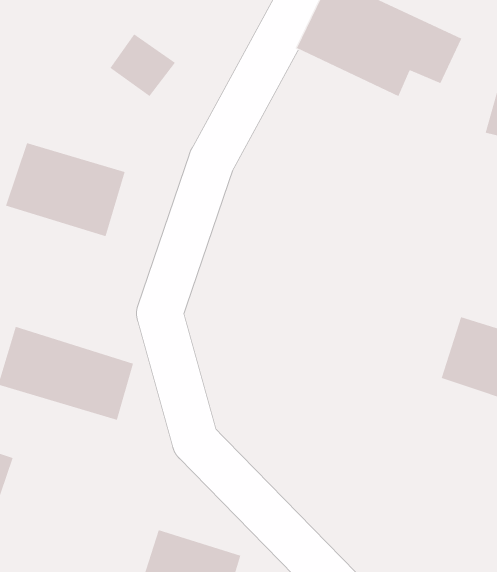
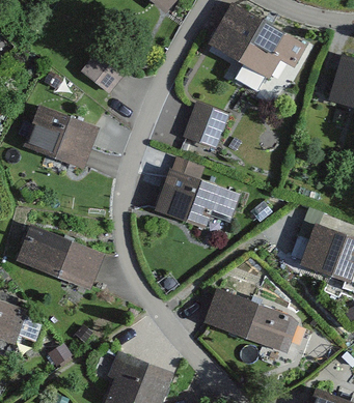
building: none -> [185,102,232,151]
building: none -> [153,169,241,226]
building: none -> [202,288,300,353]

